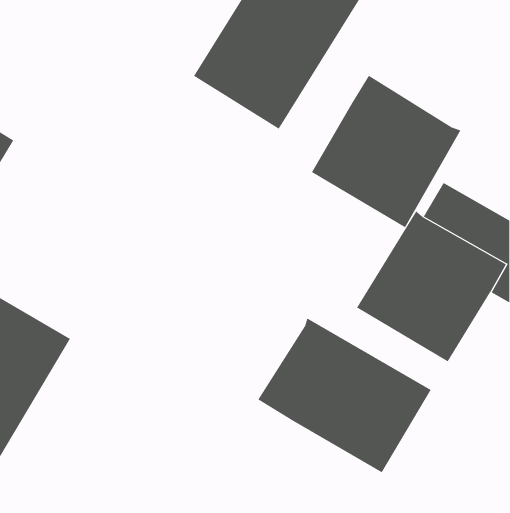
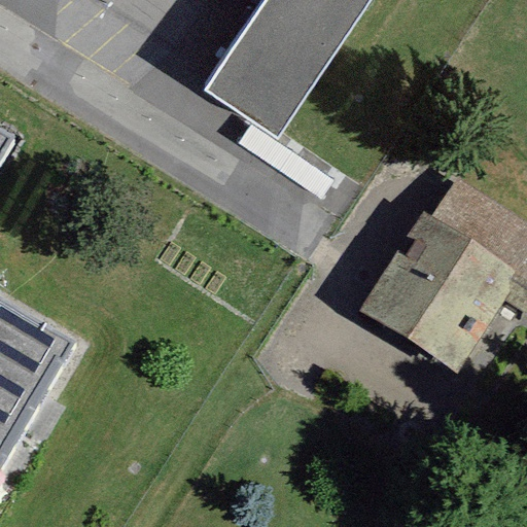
building: [311,75,461,228] -> none
building: [258,317,432,473] -> none

